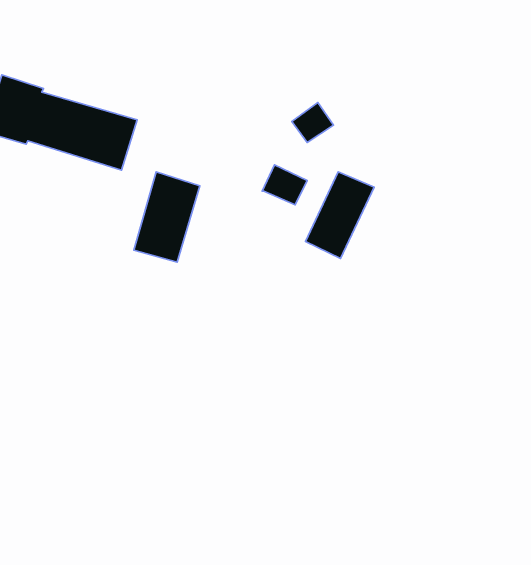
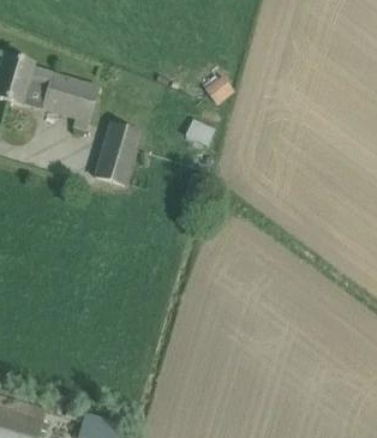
building: [306,172,374,258] -> none

